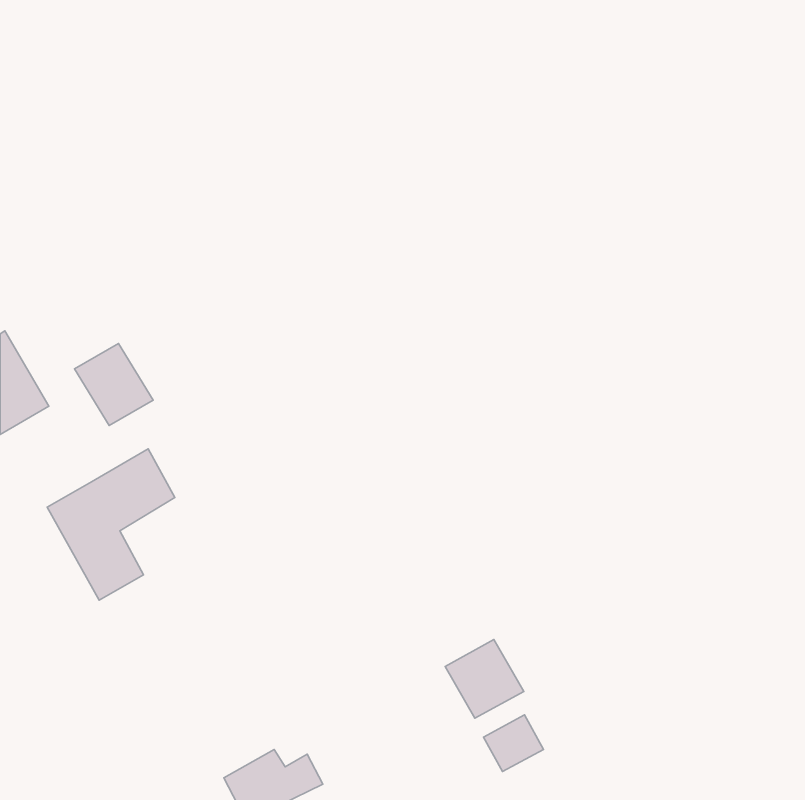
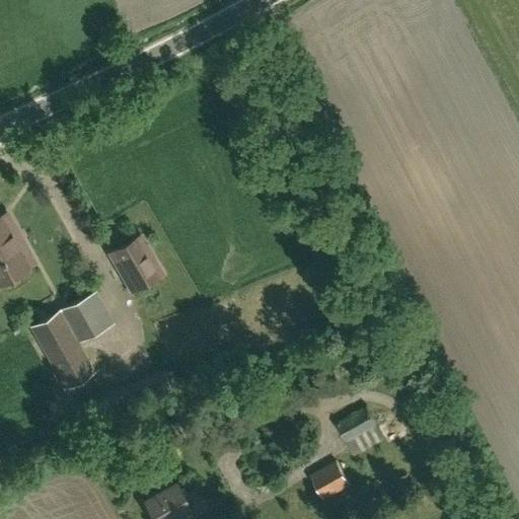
building: [75,344,153,425] -> [109,236,160,289]
building: [445,640,524,718] -> [335,407,385,458]

